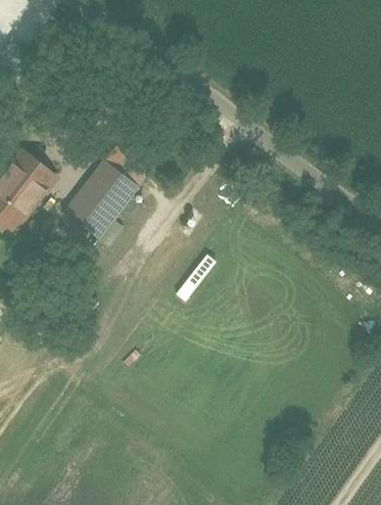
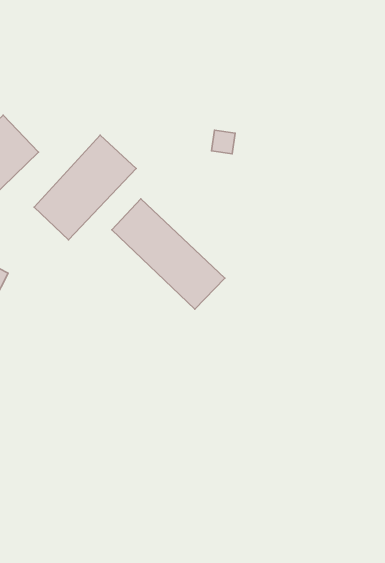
building: none -> [112,199,225,309]

